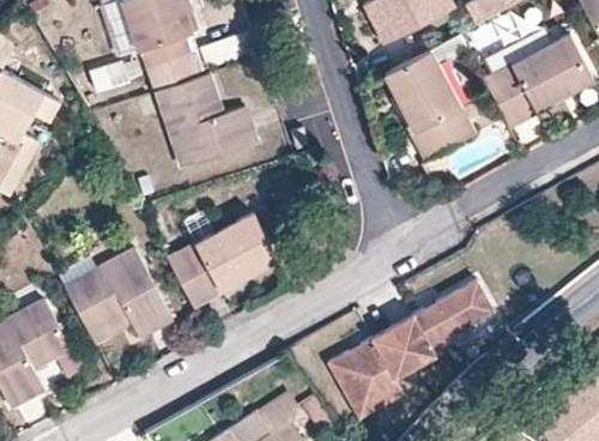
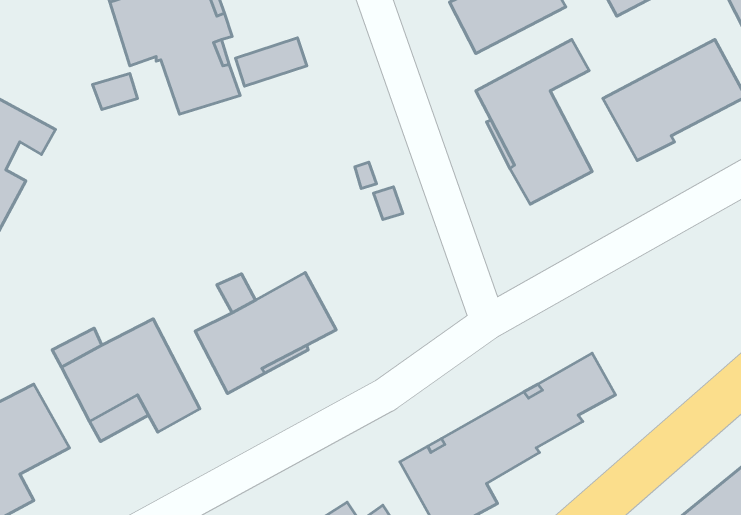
building: [157,74,258,169] -> none

